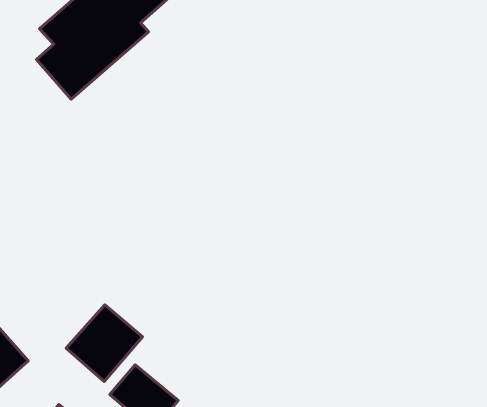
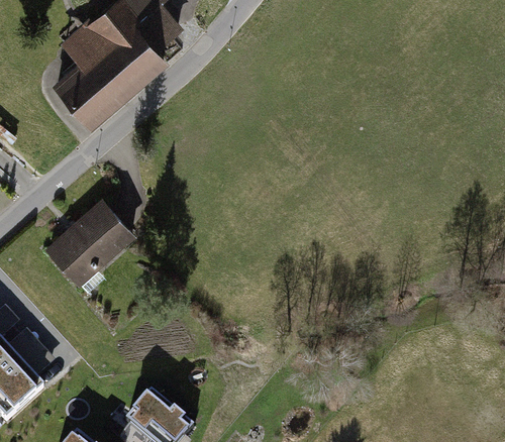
building: none -> [45,197,136,286]
building: [66,305,142,382] -> none

